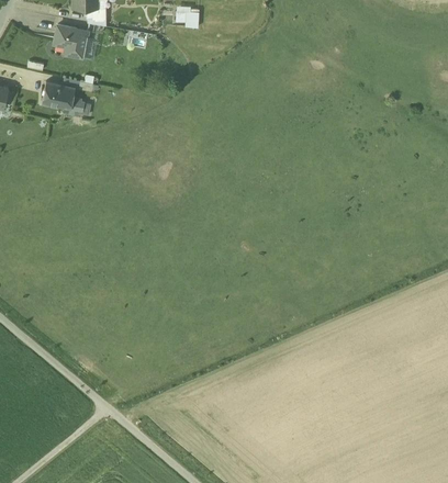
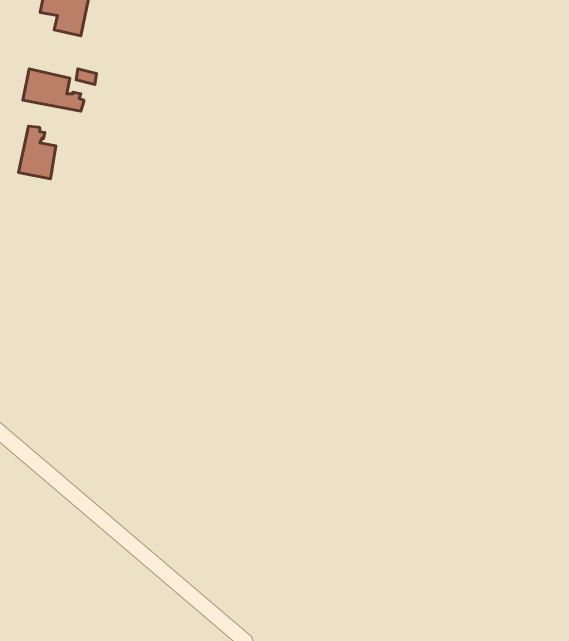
building: none -> [18,126,56,179]

